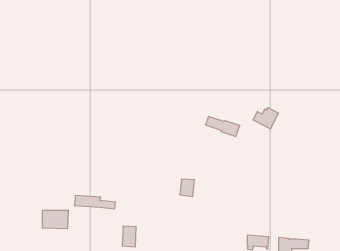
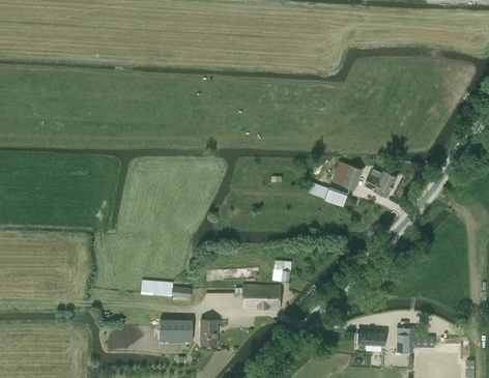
building: none -> [333,162,363,190]
building: none -> [243,285,281,309]
building: [42,211,69,229] -> [161,319,194,342]

